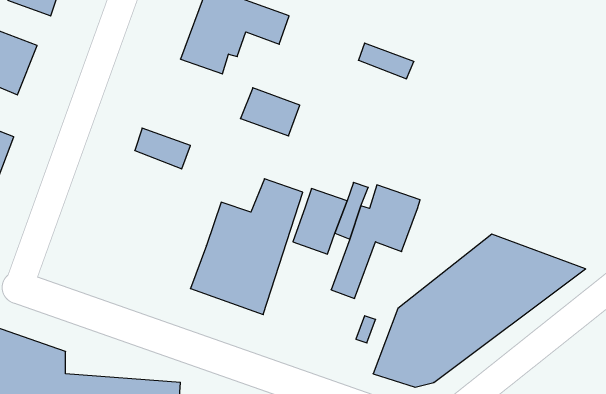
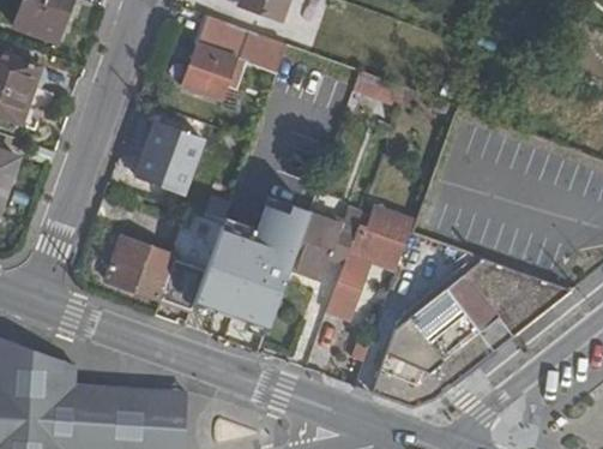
building: [240,88,300,136] -> [145,120,203,167]
building: none -> [110,208,222,306]

